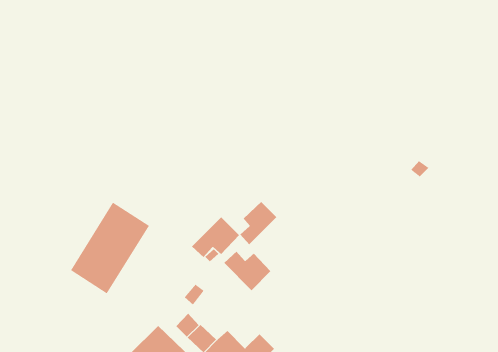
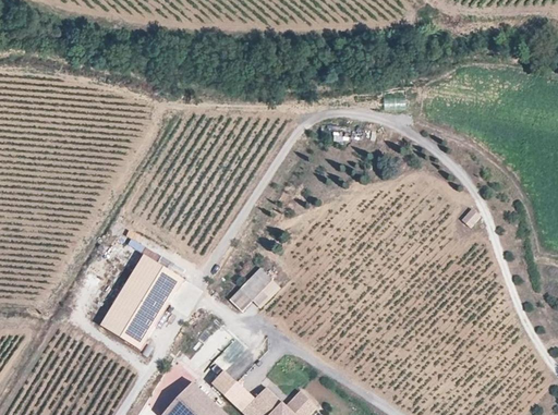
building: [239,201,277,245] -> none
building: [223,251,271,291] -> none

